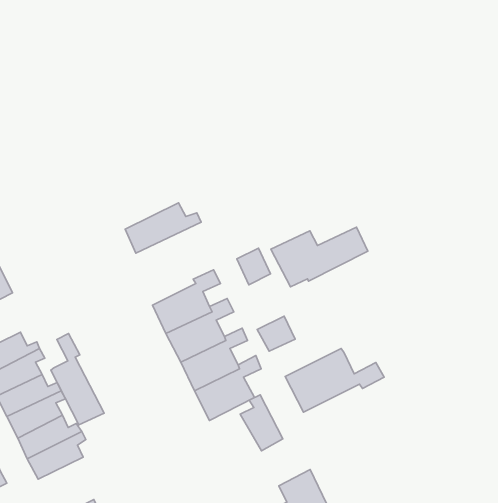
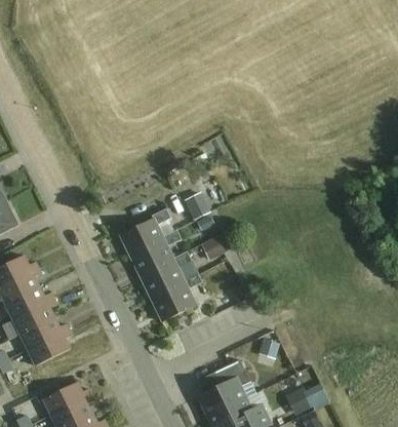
building: [125,203,201,253] -> none
building: [271,227,368,287] -> none
building: [51,334,104,425] -> none
building: [285,348,384,412] -> none
building: [240,395,283,451] -> none

